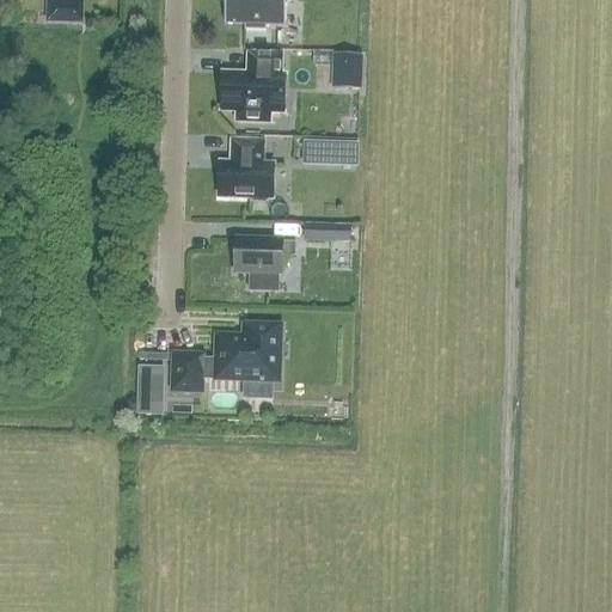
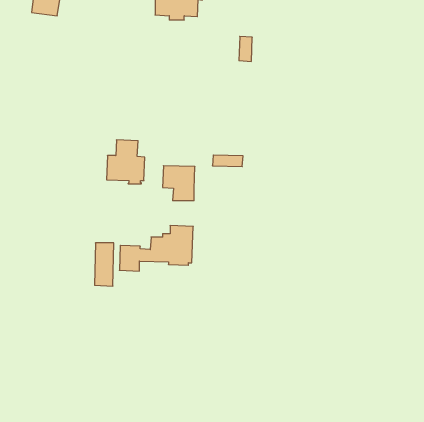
building: [221,53,284,120] -> none
building: [302,137,357,163] -> none
building: [218,139,273,202] -> [107,140,145,184]

